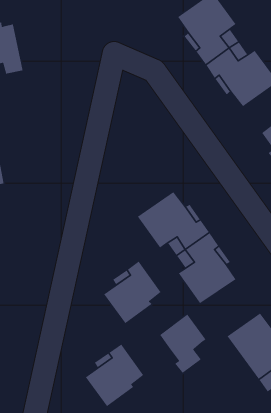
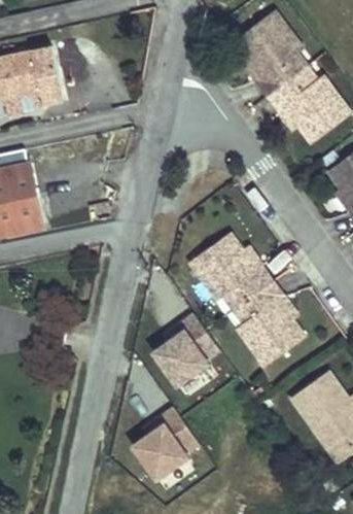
building: [159,313,206,374] -> none

